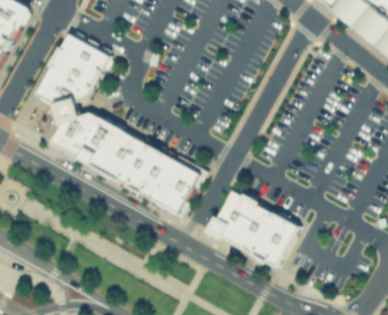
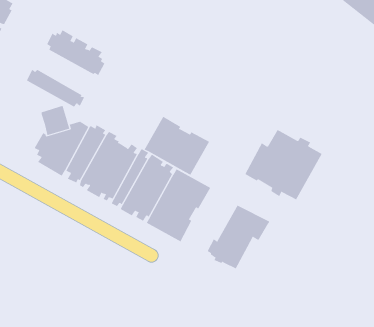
building: [48,45,106,89] -> none
building: [34,77,86,107] -> none
building: none -> [144,116,210,176]
building: [230,203,300,267] -> [245,129,322,200]

